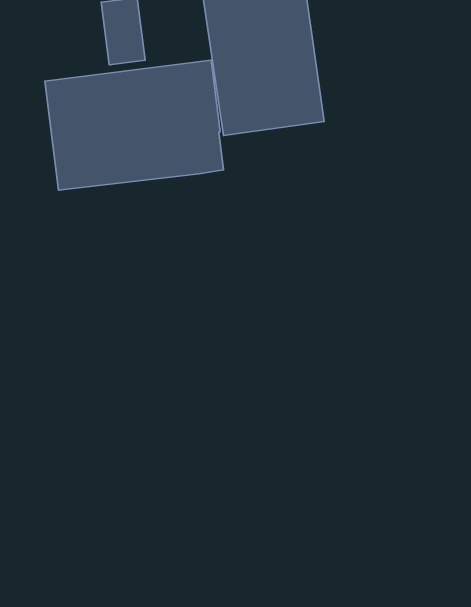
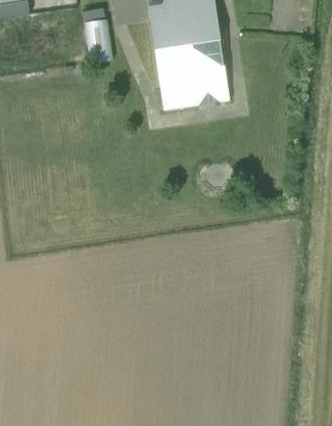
building: [45,60,224,190] -> none

